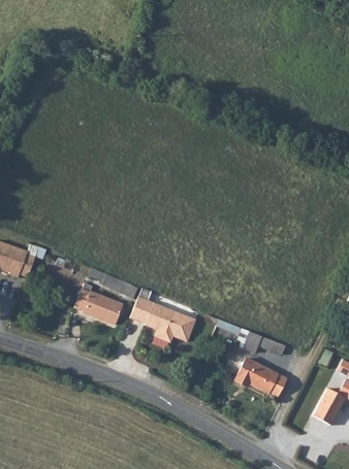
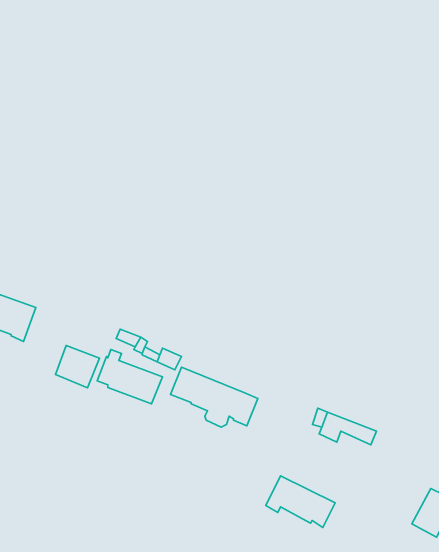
building: none -> [56,346,99,388]
building: [234,358,287,397] -> [266,476,335,527]

